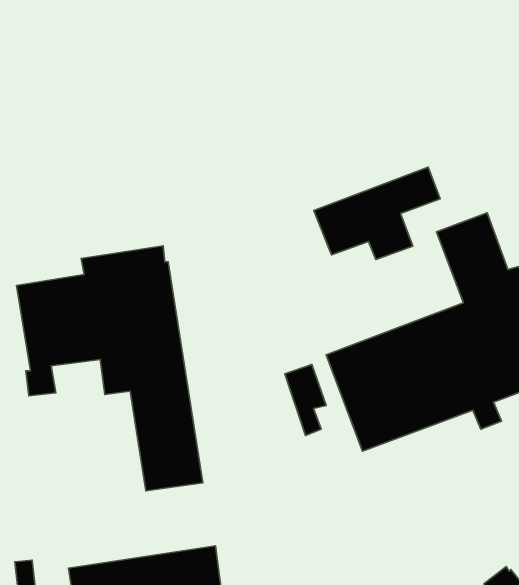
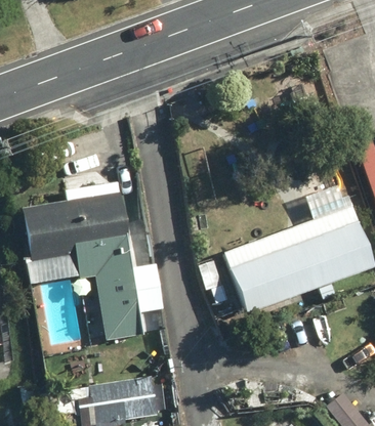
building: [314,167,440,260] -> none

